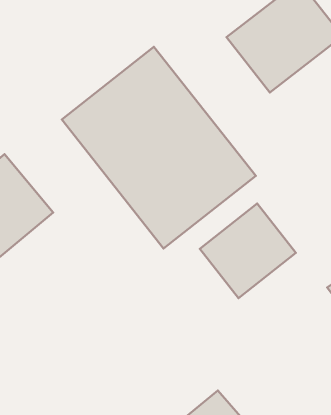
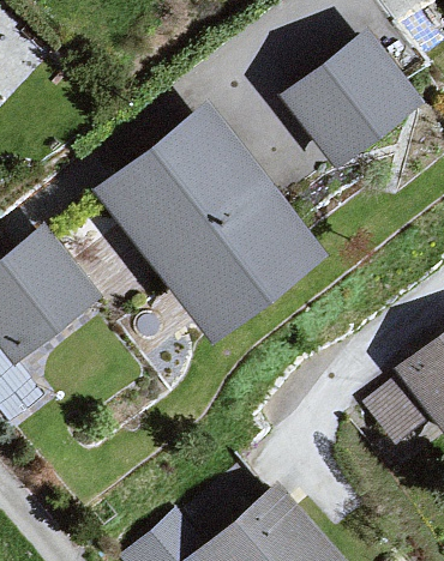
building: [200,203,296,298] -> none

